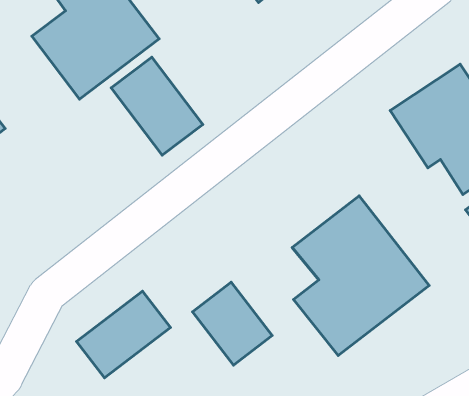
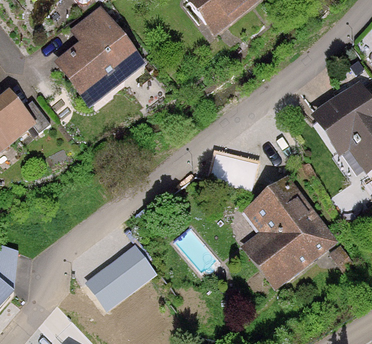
building: [111,57,203,155] -> none
building: [193,282,272,365] -> none

